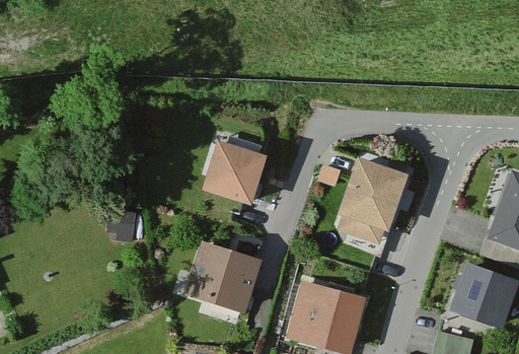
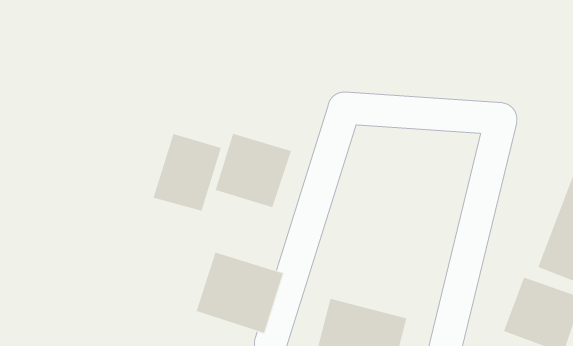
building: none -> [153,133,222,211]
building: [338,157,410,243] -> none

